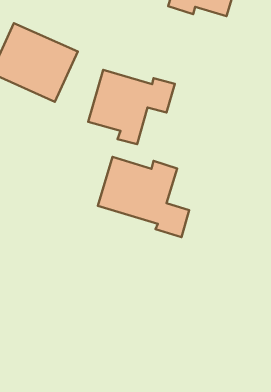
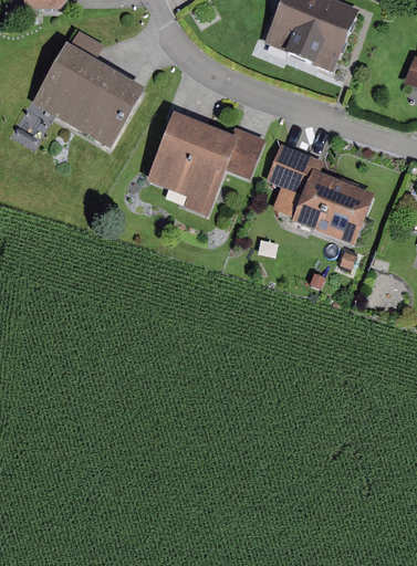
building: none -> [265,143,375,245]
building: [98,157,189,237] -> none

